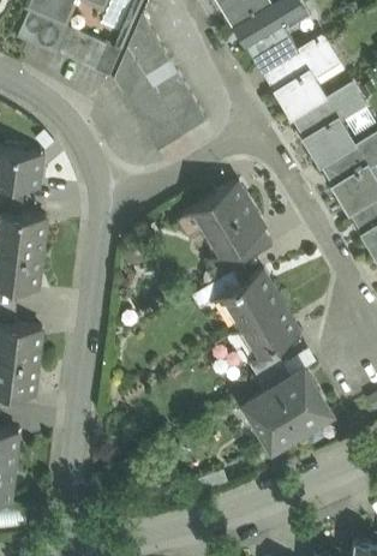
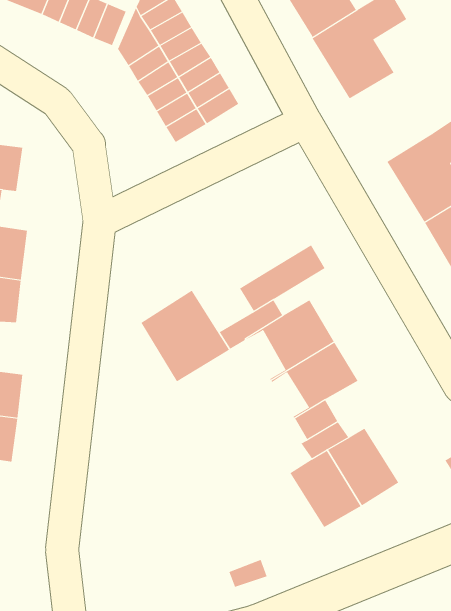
building: [291,80,364,165] -> none
building: [195,181,263,252] -> [140,290,230,382]

